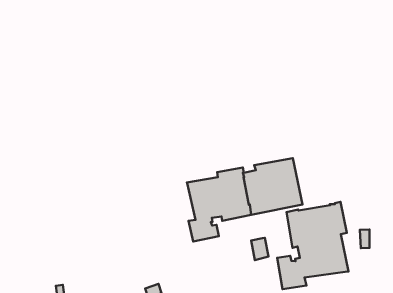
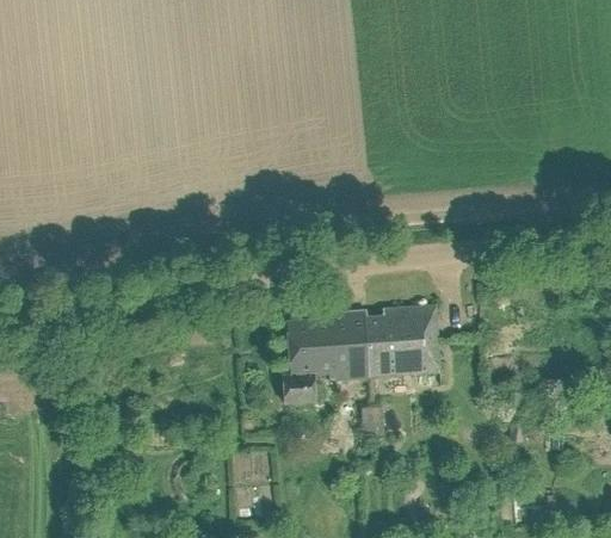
building: [277,202,348,289] -> none

